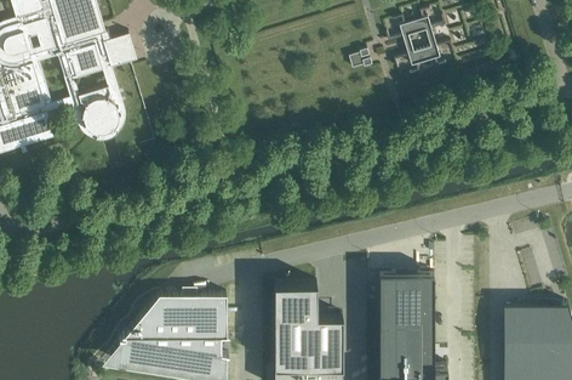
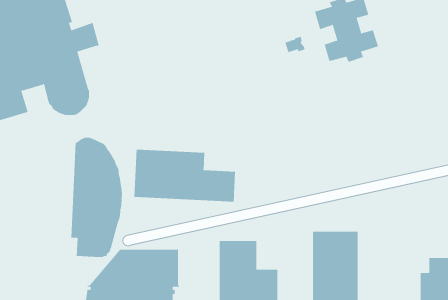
building: none -> [71,137,122,258]
building: none -> [134,149,236,202]

